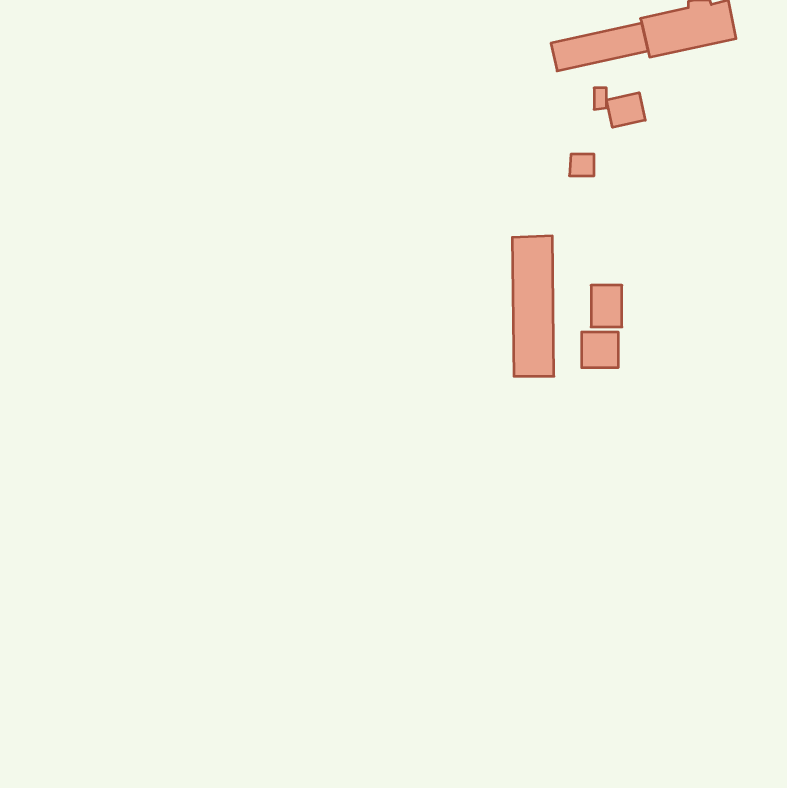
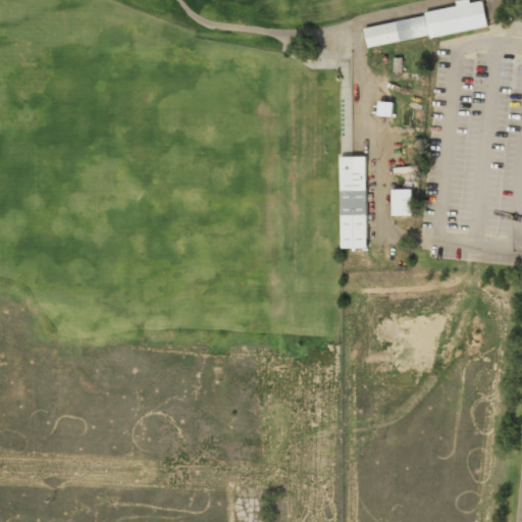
building: [606,93,645,127] -> none
building: [582,332,618,368] -> none

